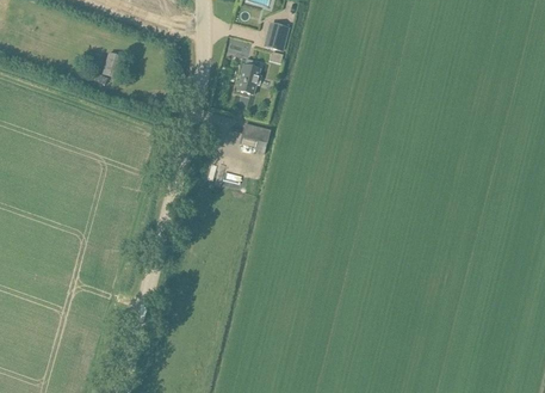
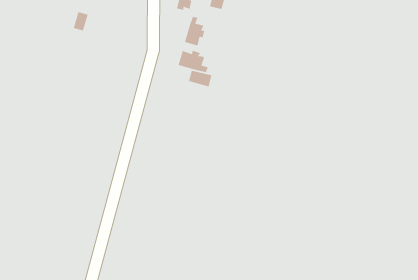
building: none -> [178,50,209,73]

